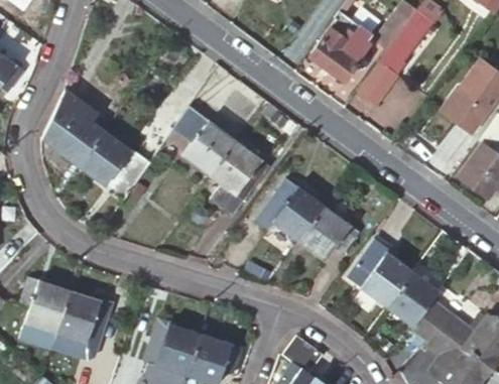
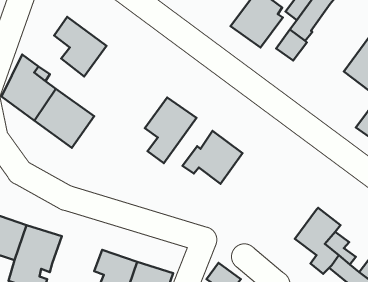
building: [173,106,235,176] -> [54,17,107,77]
building: [297,206,359,261] -> none
building: [345,237,412,306] -> none

